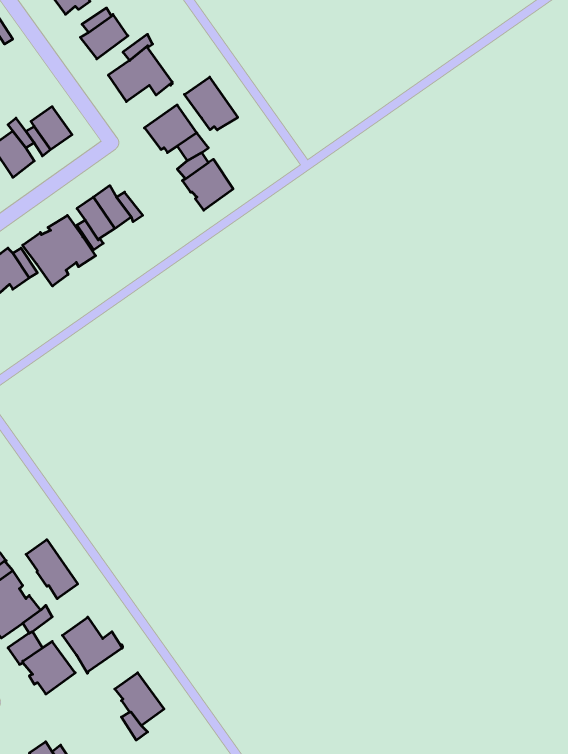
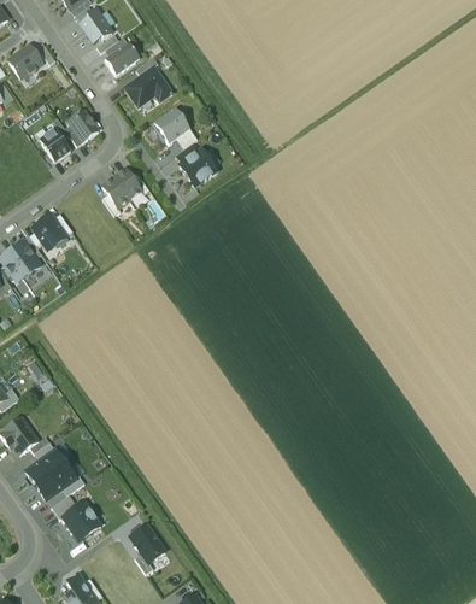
building: [184,77,238,130] -> none
building: [23,215,96,286] -> none
building: [26,540,78,599] -> none
building: [62,617,123,673] -> none

